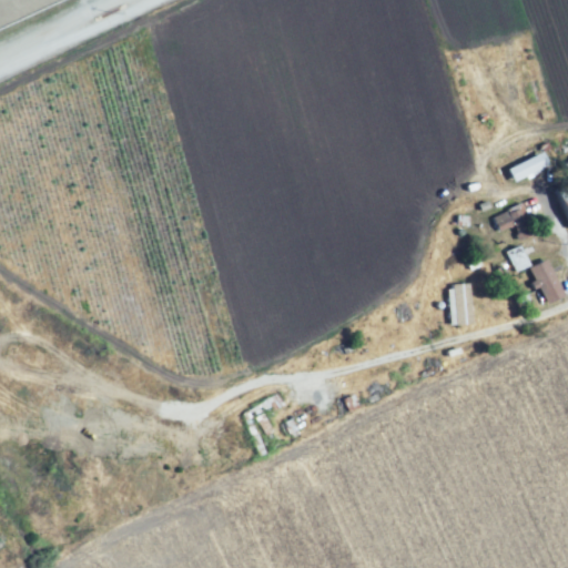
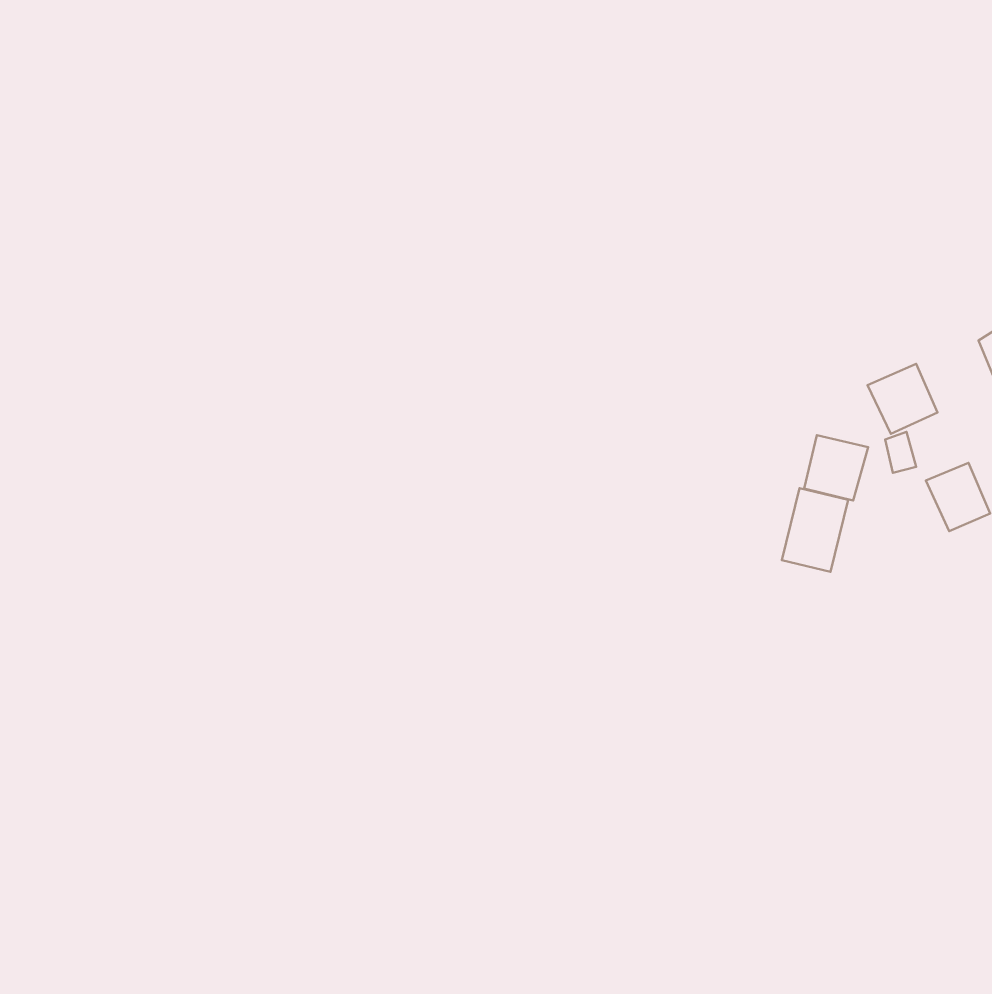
building: [509,151,549,182] -> none
building: none -> [804,435,868,501]

